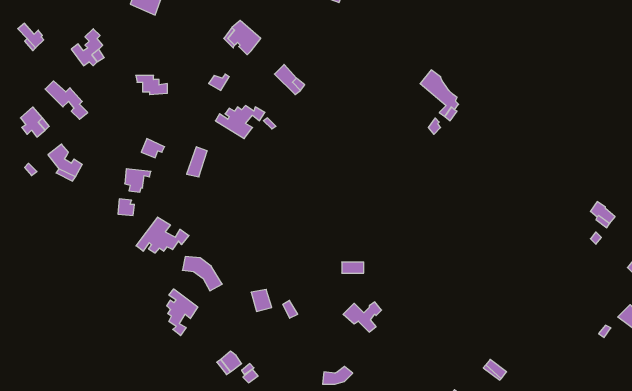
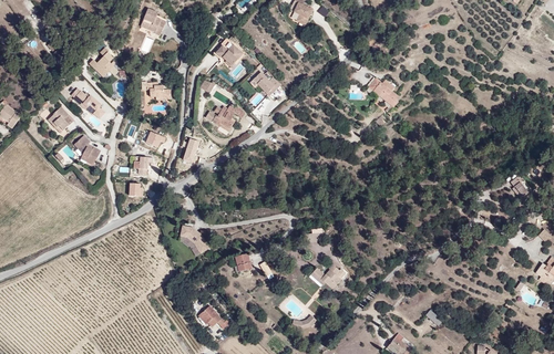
building: [136,217,189,253] -> none
building: [167,289,198,336] -> none

